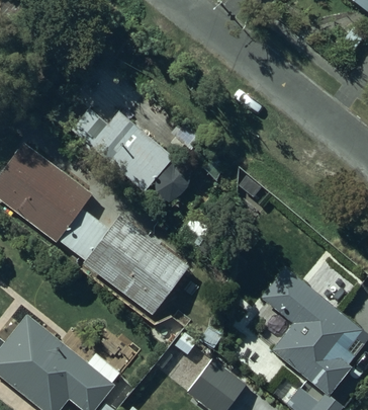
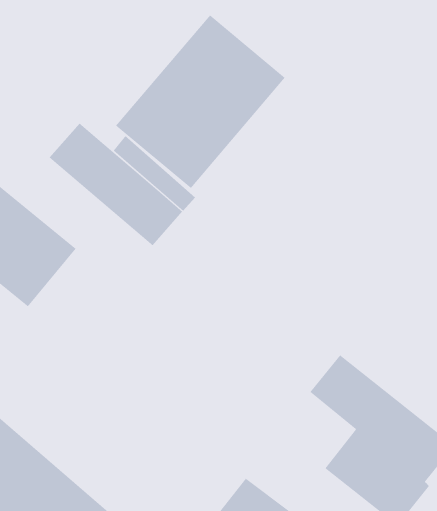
building: none -> [115,15,286,189]
building: [83,215,185,313] -> none

